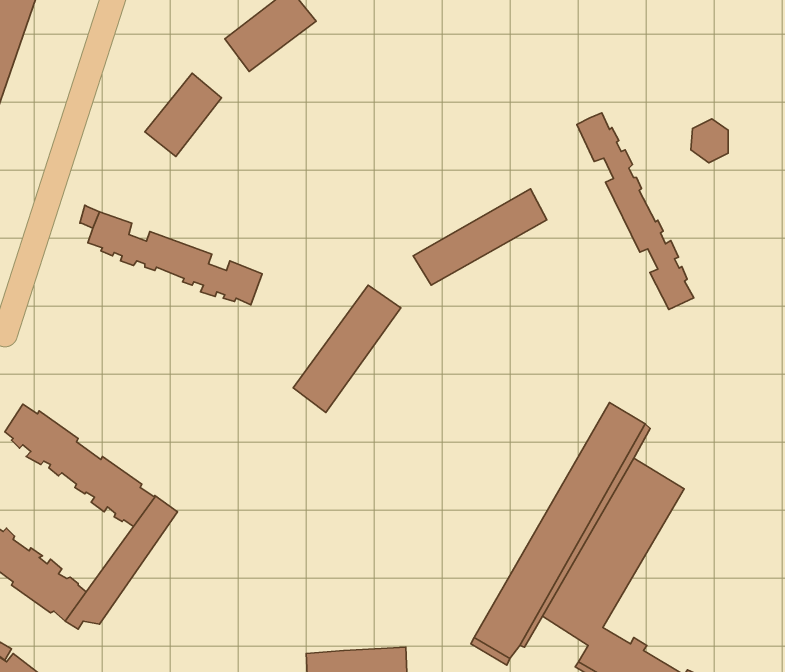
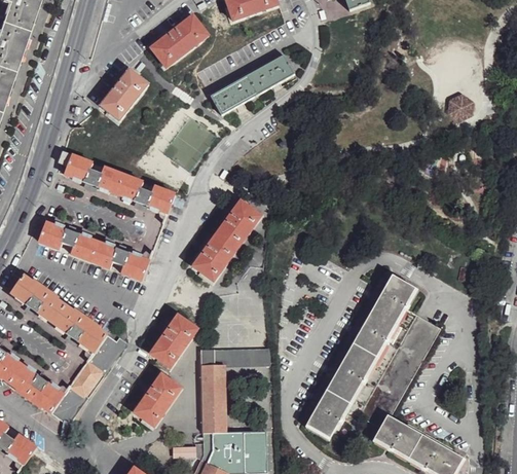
building: [577,113,694,310] -> none
building: [413,189,547,285] -> [210,53,294,114]
building: none -> [39,221,149,280]
building: none -> [151,314,198,367]
building: none -> [201,344,269,433]
building: none -> [135,373,182,426]

